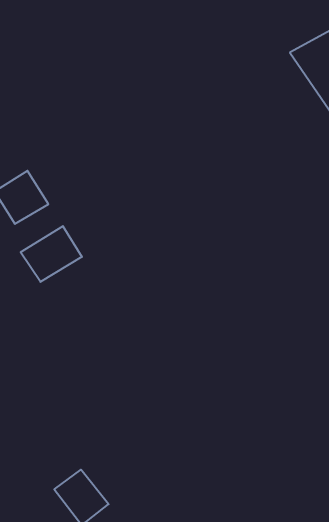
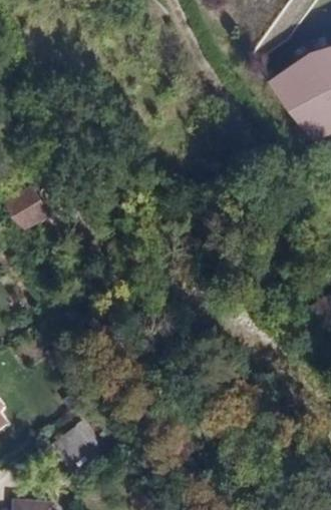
building: [21,226,82,282] -> none

